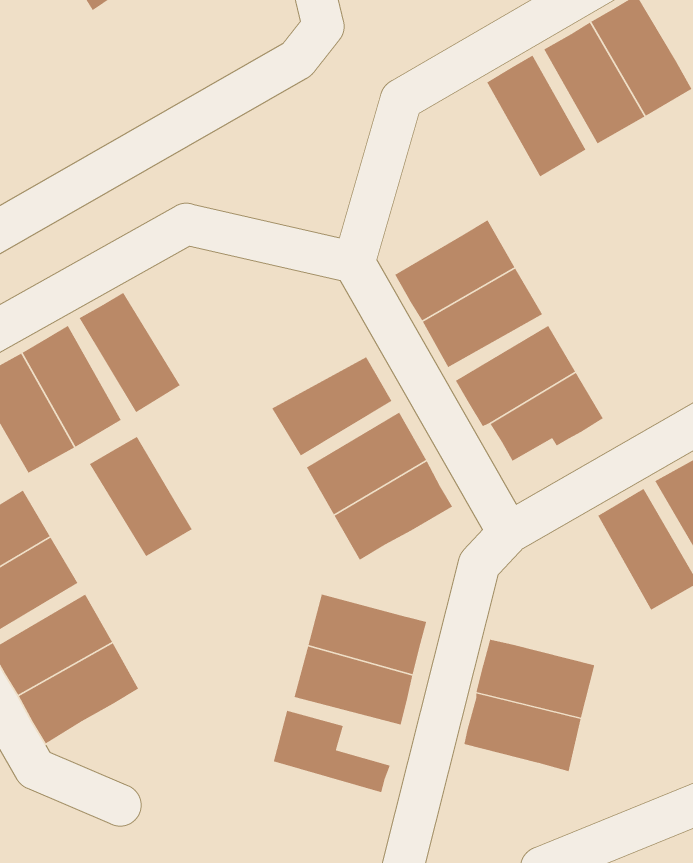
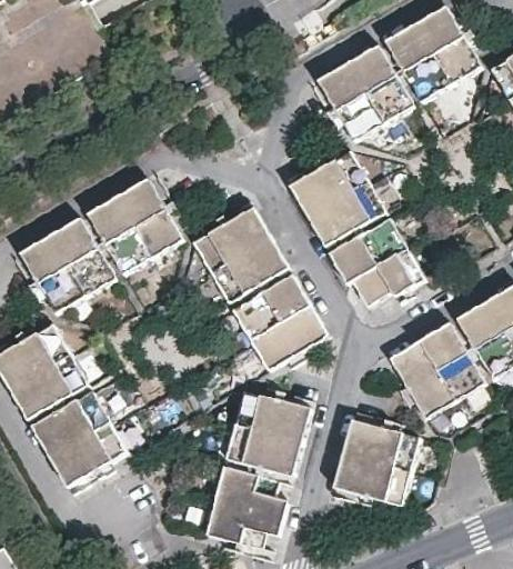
building: none -> [316,62,382,141]
building: none -> [192,207,271,271]
building: [89,436,193,557] -> [115,179,182,257]
building: none -> [388,340,453,418]
building: none -> [202,498,281,542]

